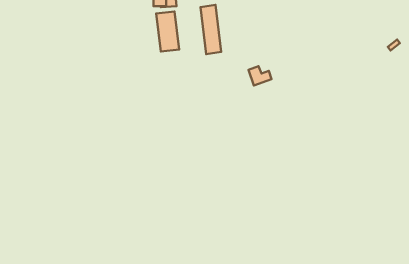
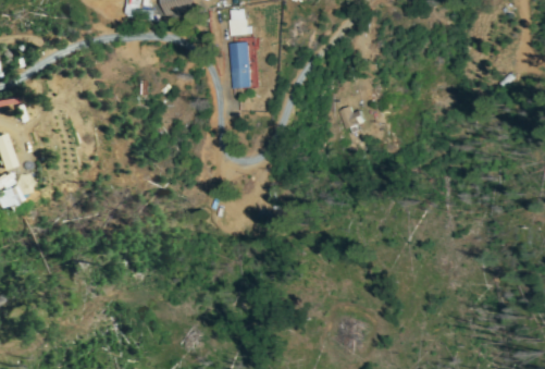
building: [201,5,221,54] -> none

